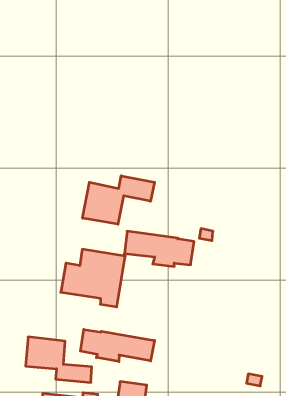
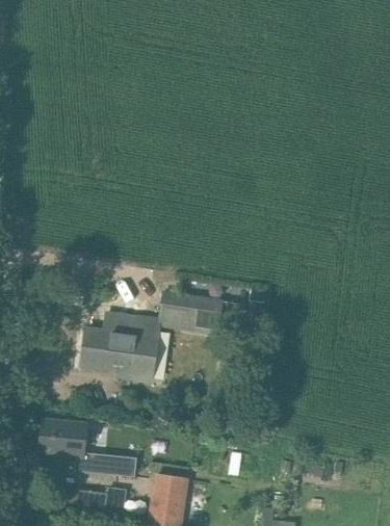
building: [83,176,155,224] -> none
building: [80,329,155,362] -> none

